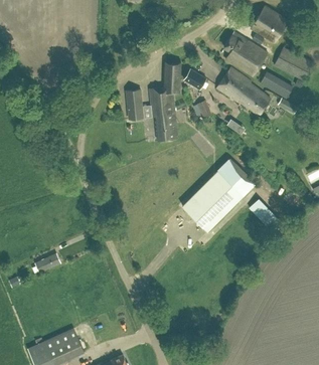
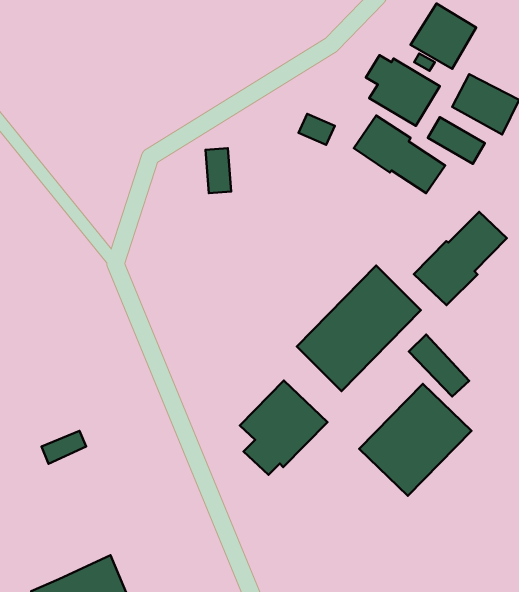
building: [149,61,181,141] -> none
building: none -> [414,212,507,305]
building: none -> [240,380,327,475]
building: none -> [359,384,472,496]

